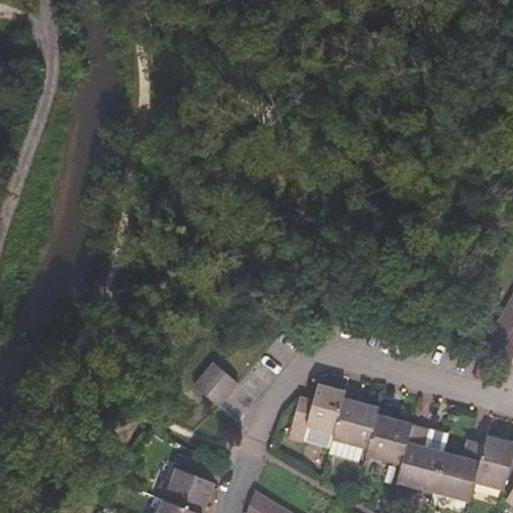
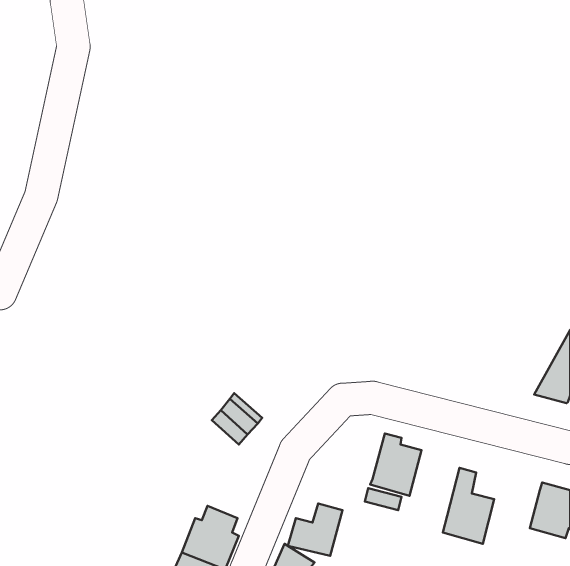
building: [297,387,346,434] -> [288,504,343,556]
building: [367,408,413,467] -> none
building: [434,440,485,502] -> none

